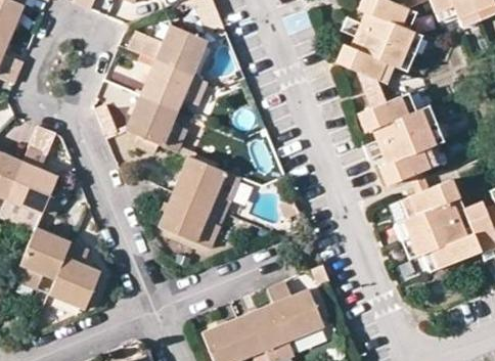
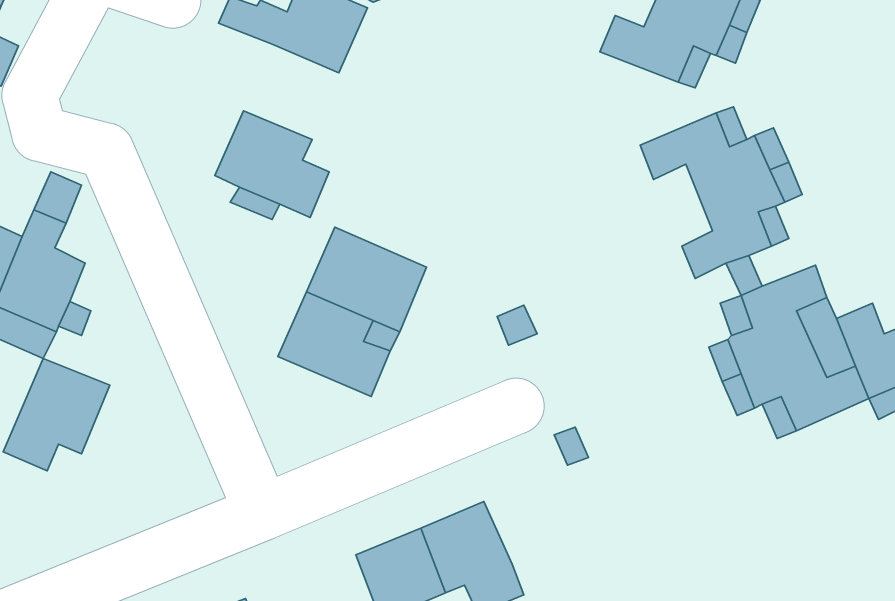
building: [142,59,209,110] -> none
building: [49,242,98,309] -> none
building: [265,280,322,339] -> none

